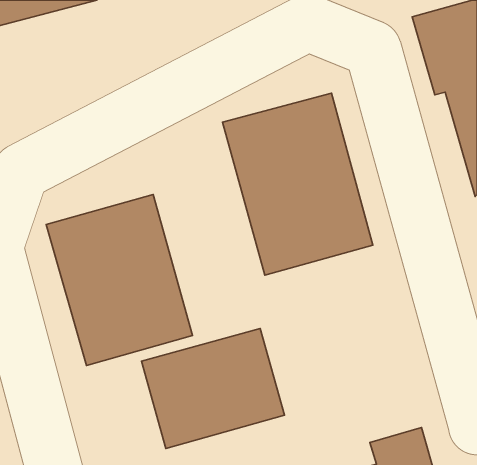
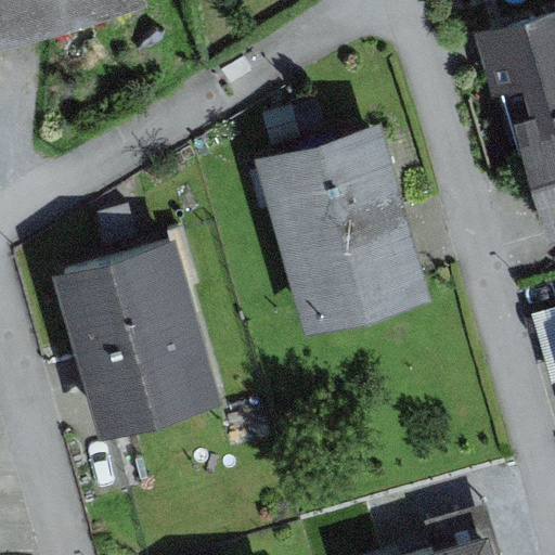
building: [141,329,284,448] -> none

